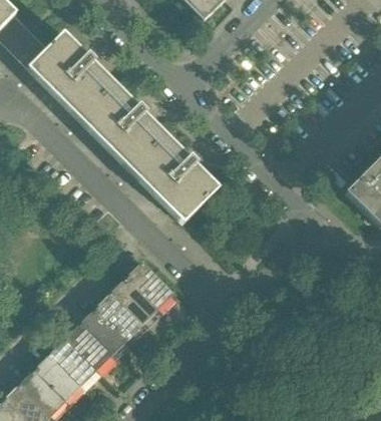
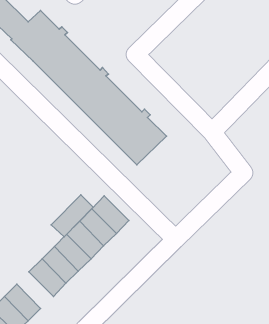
building: none -> [51,195,93,237]
building: [36,353,81,398] -> none

